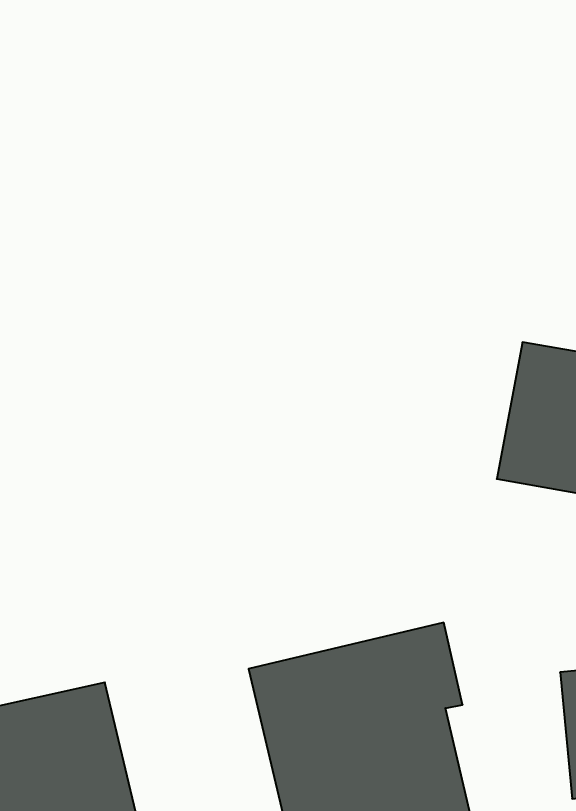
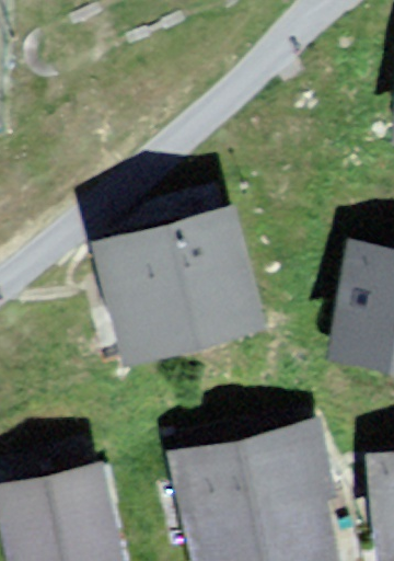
building: none -> [108,213,247,334]

